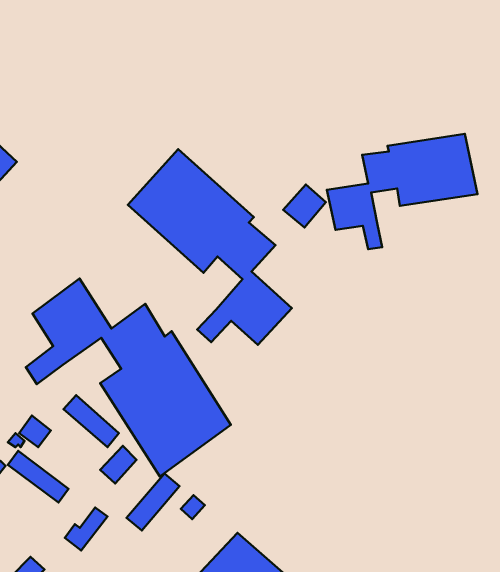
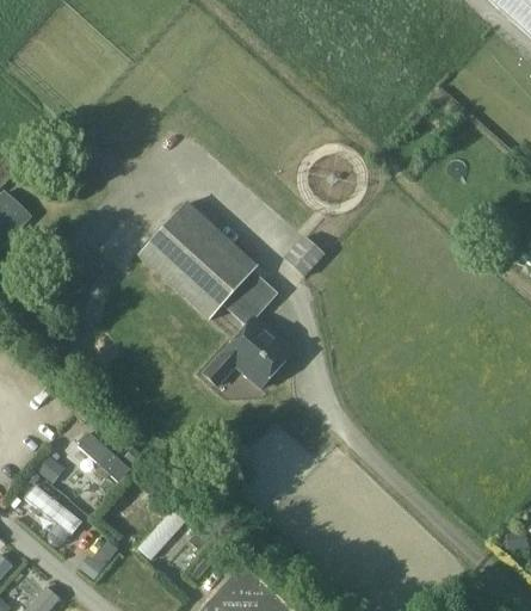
building: [327,134,477,249] -> none
building: [26,279,231,477] -> none

